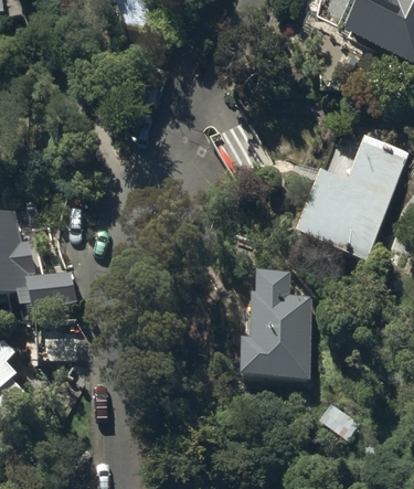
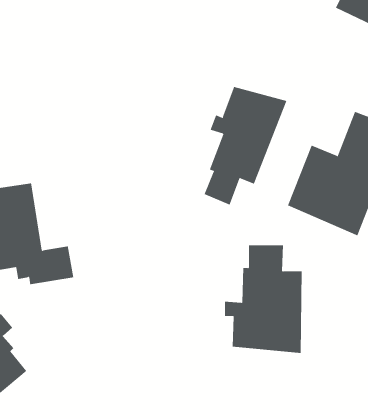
building: none -> [204,86,287,205]

